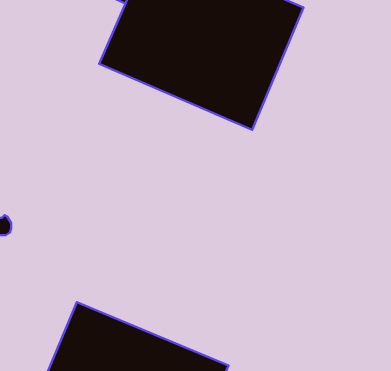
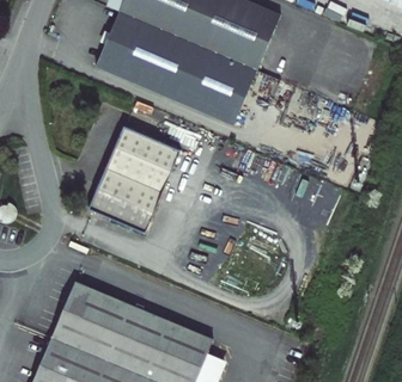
building: none -> [87,127,179,233]

